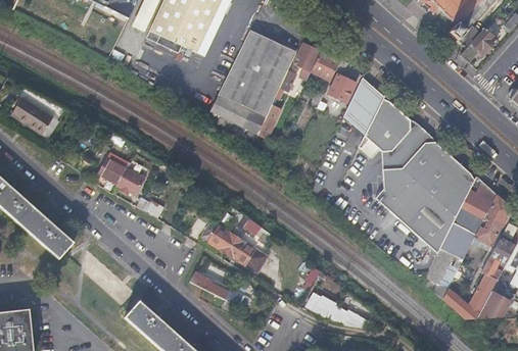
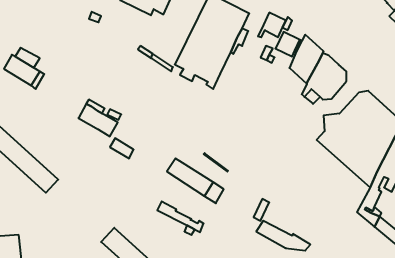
building: [294,42,321,78] -> none
building: [383,118,436,169] -> none

